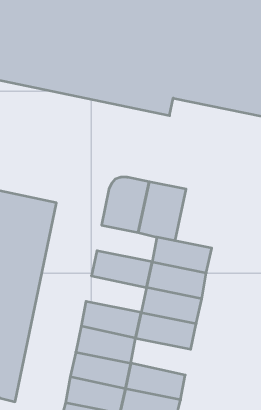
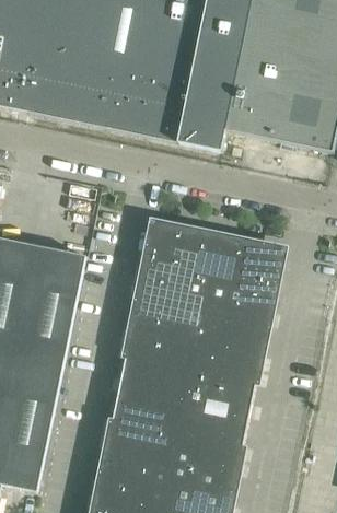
building: none -> [226,238,279,308]
building: none -> [133,281,205,325]
building: none -> [120,341,193,385]
building: none -> [174,416,245,459]

